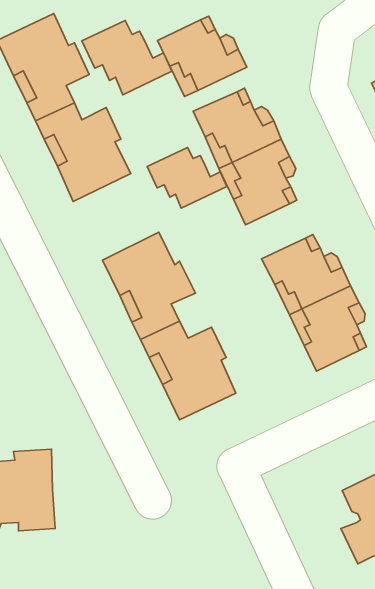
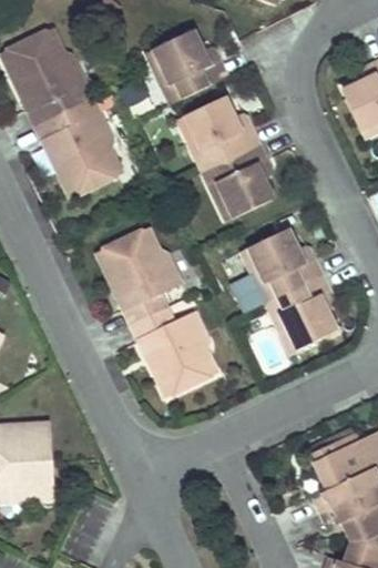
building: [82,21,172,95] -> none
building: [147,148,227,208] -> none

